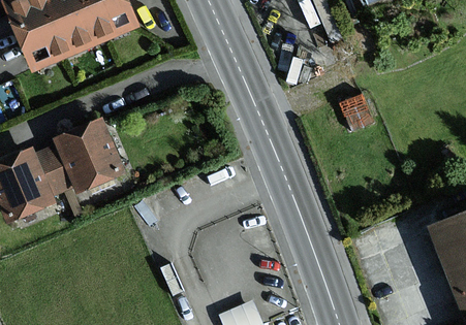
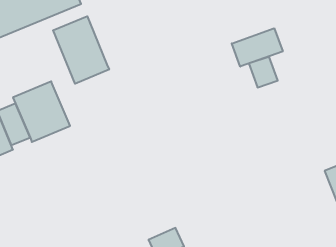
building: none -> [53,16,109,84]
building: none -> [232,28,283,67]

